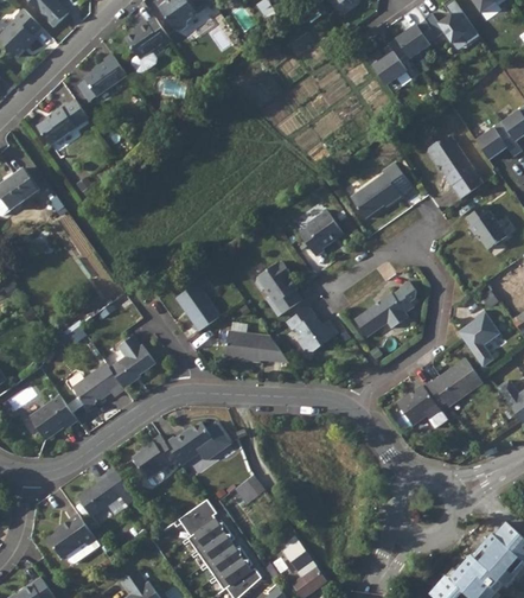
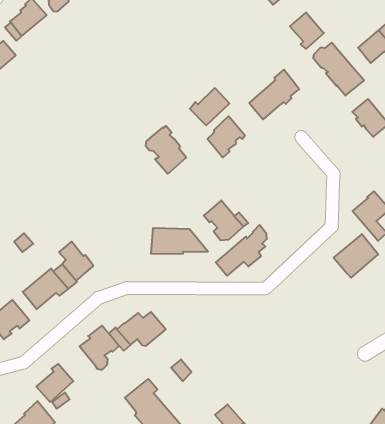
building: none -> [290,12,324,49]
building: none -> [190,88,229,125]
building: [255,260,300,314] -> [146,126,186,174]
building: [354,280,415,335] -> [216,225,267,276]
building: [174,281,219,329] -> none
building: [396,380,447,427] -> none

